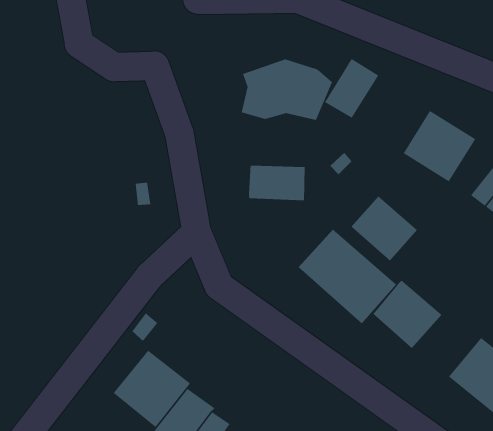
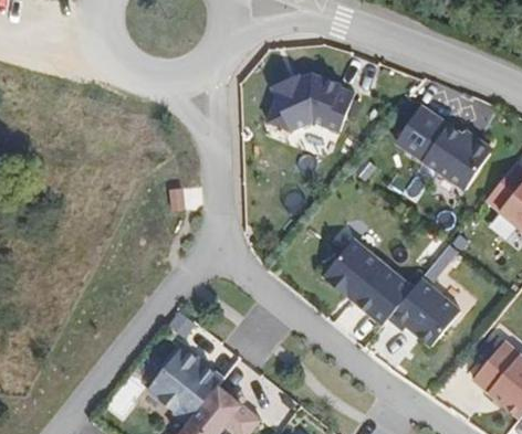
building: [324,58,379,119] -> [395,104,447,161]
building: [248,165,305,201] -> none
building: [351,195,418,261] -> none

